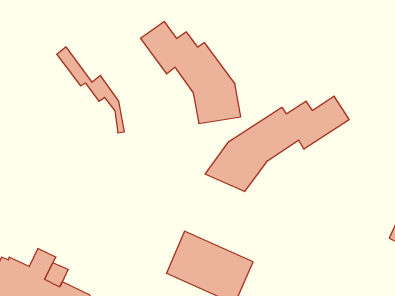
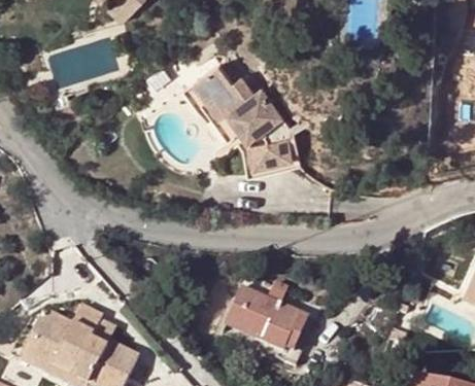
building: [57,47,124,133] -> [183,75,257,168]
building: [205,96,349,192] -> none

